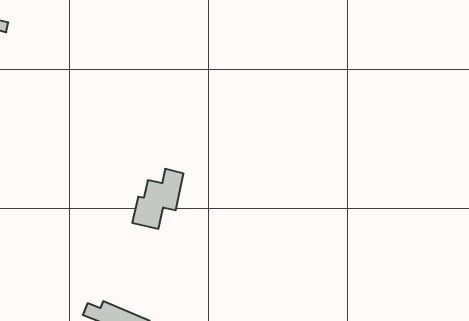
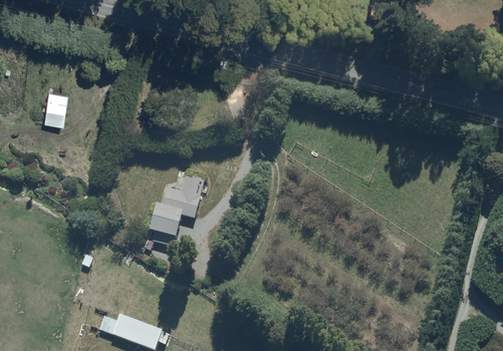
building: none -> [43,89,68,124]

